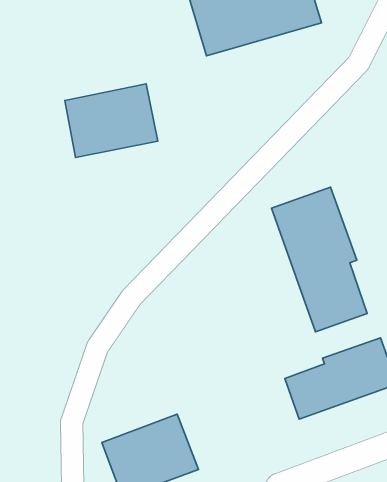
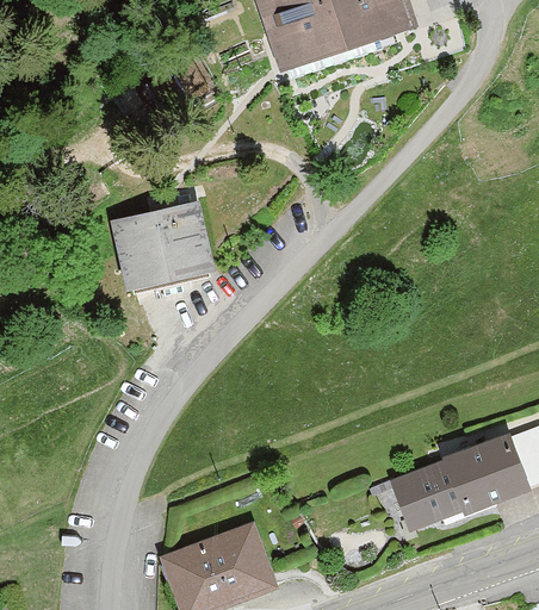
building: [65,84,158,158] -> [99,206,213,297]
building: [272,187,367,332] -> none

